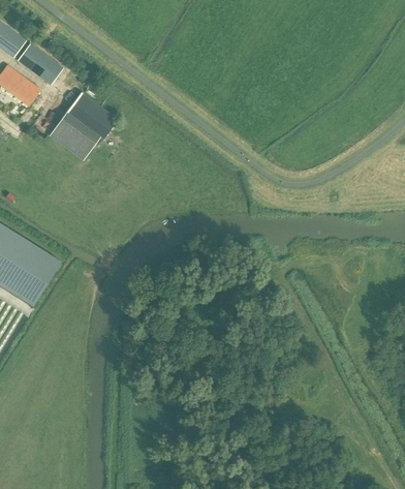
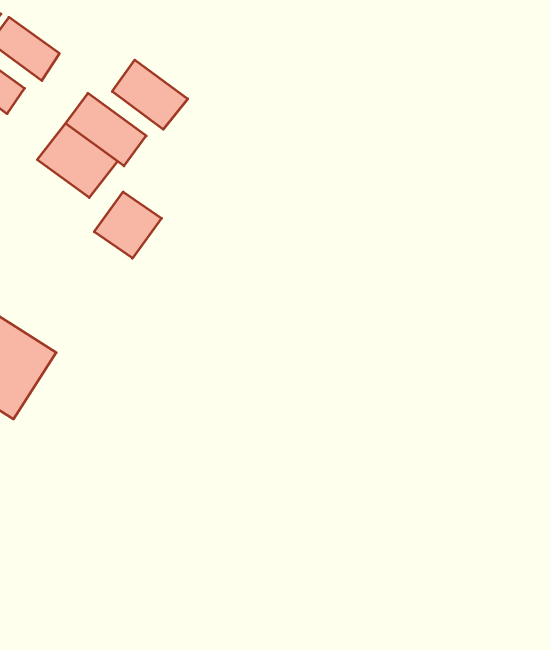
building: none -> [112,60,188,129]
building: none -> [94,192,162,258]

